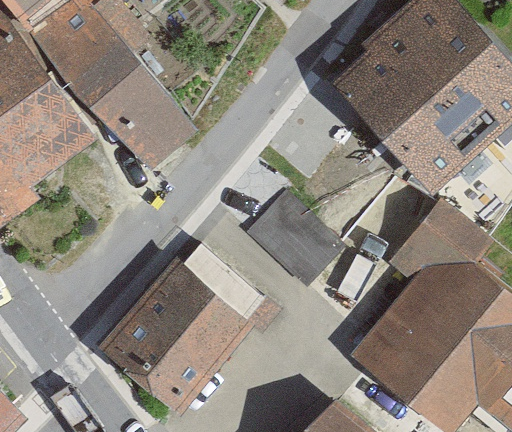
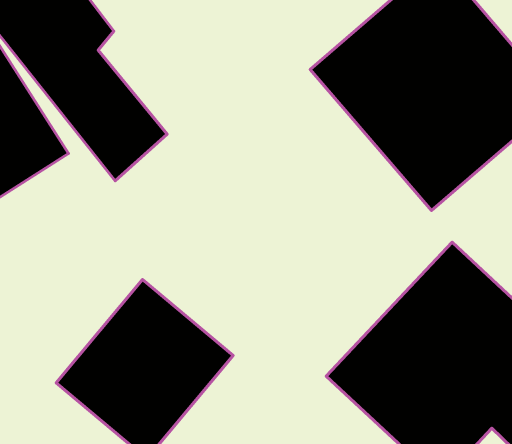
building: [258,191,340,279] -> none

